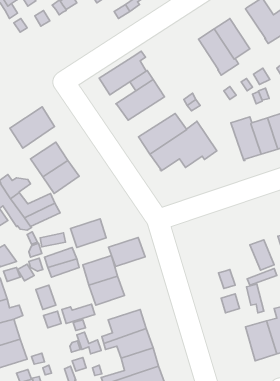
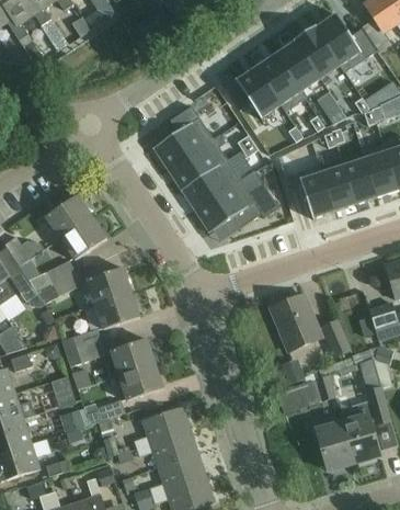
building: none -> [294,25,341,78]
building: none -> [236,66,282,118]
building: [99,51,146,95] -> [168,134,227,189]
building: [10,107,54,148] -> none
building: none -> [268,294,319,351]
building: [109,238,145,266] -> [87,268,133,304]

